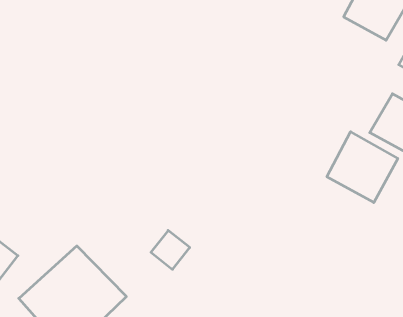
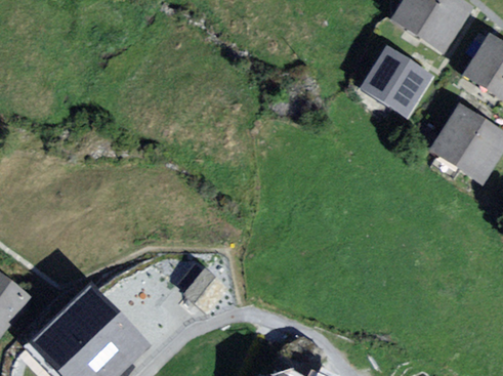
building: none -> [352,48,426,120]
building: [327,132,398,203] -> none

